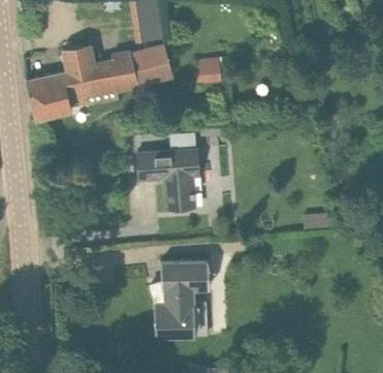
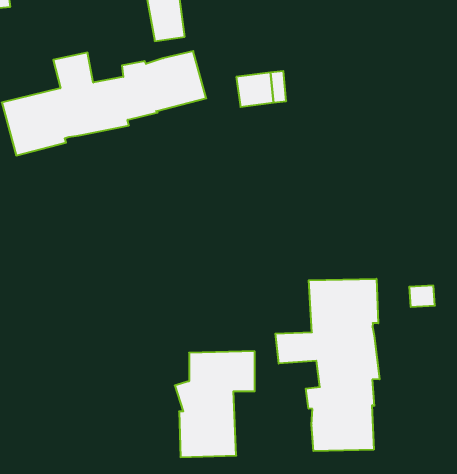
building: [138,150,200,211] -> none
building: none -> [275,279,380,451]

